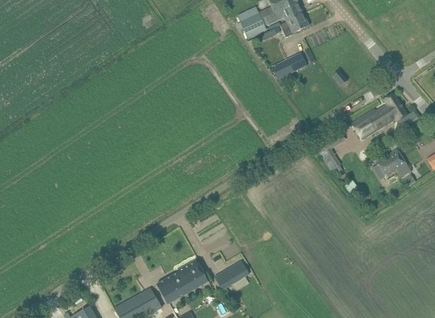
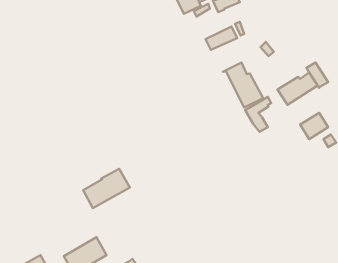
building: none -> [223,63,263,108]
building: [156,259,208,303] -> [83,169,130,208]
building: [214,260,248,289] -> none

